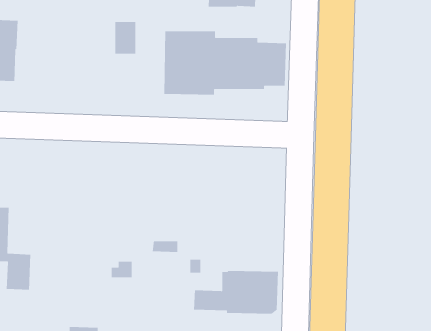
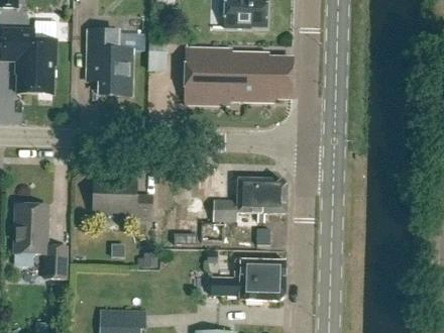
building: none -> [87,29,132,95]
building: none -> [213,178,286,221]
building: none -> [93,182,151,217]

